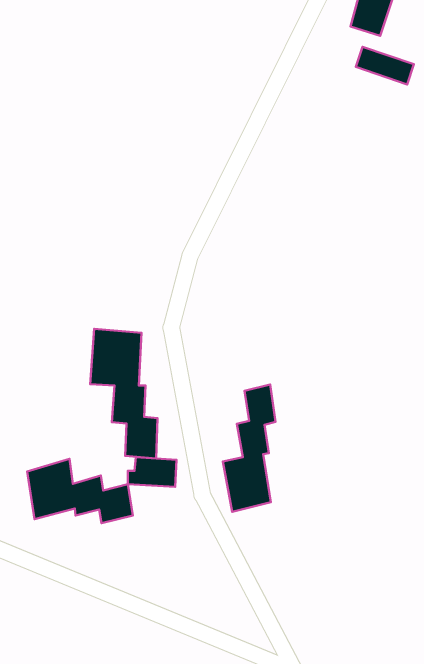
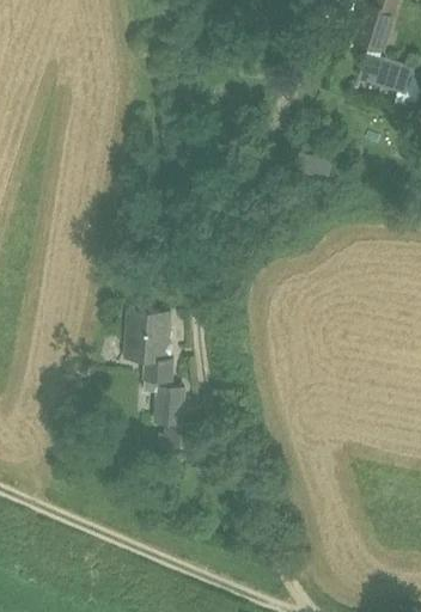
building: [223,385,275,512] -> none
building: [27,459,133,523] -> none

